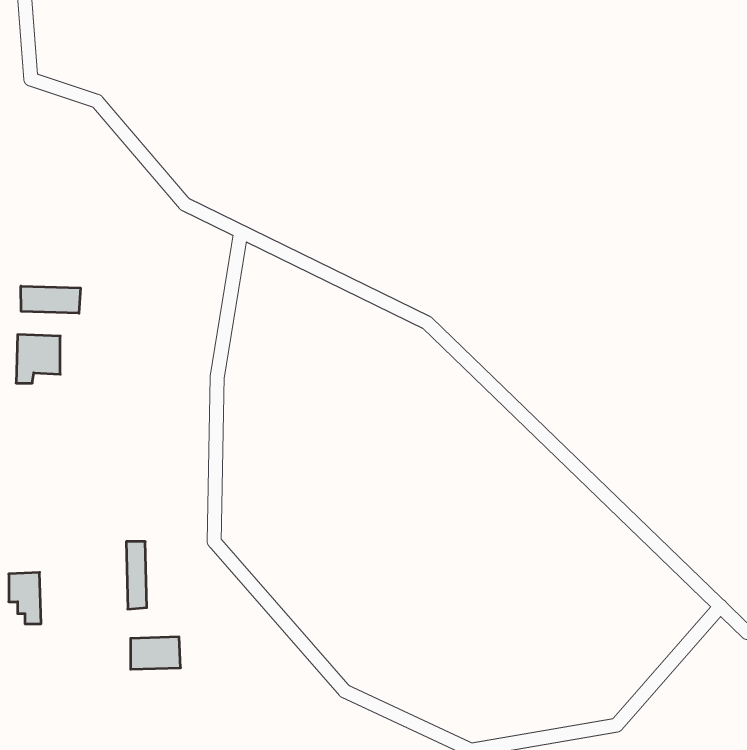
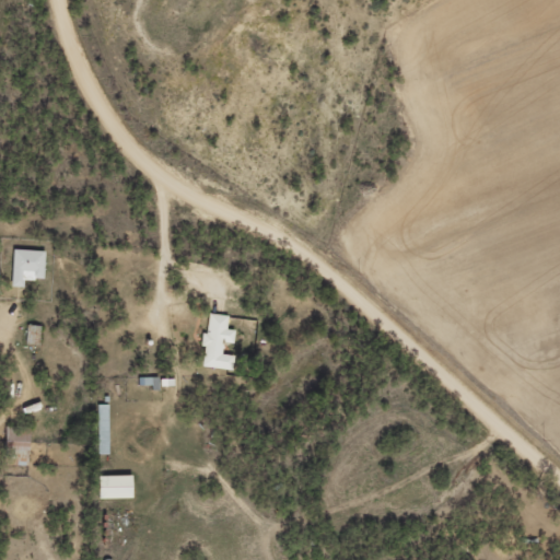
building: [21,286,80,313] -> none
building: none -> [203,313,235,369]

